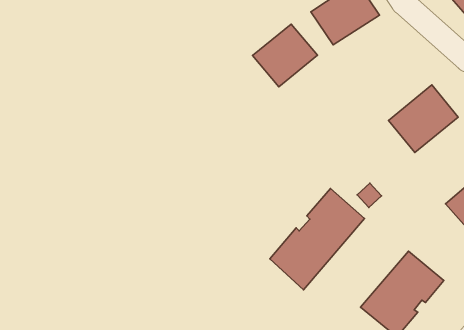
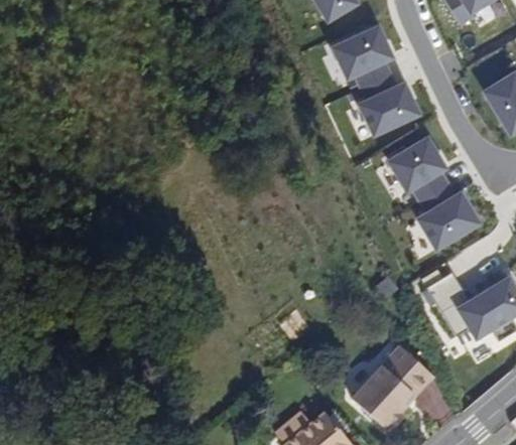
building: [253,24,317,87] -> [387,136,449,194]
building: [270,189,365,290] -> none

